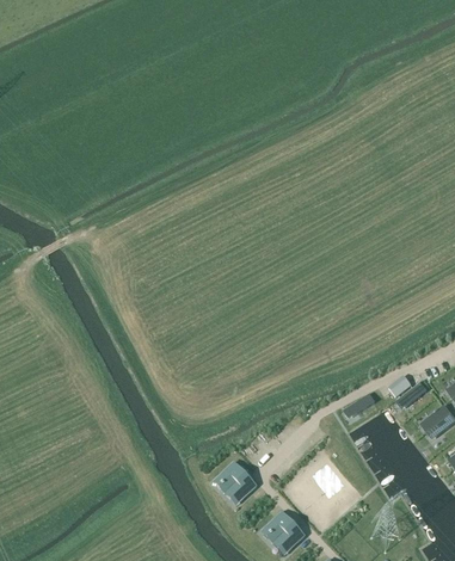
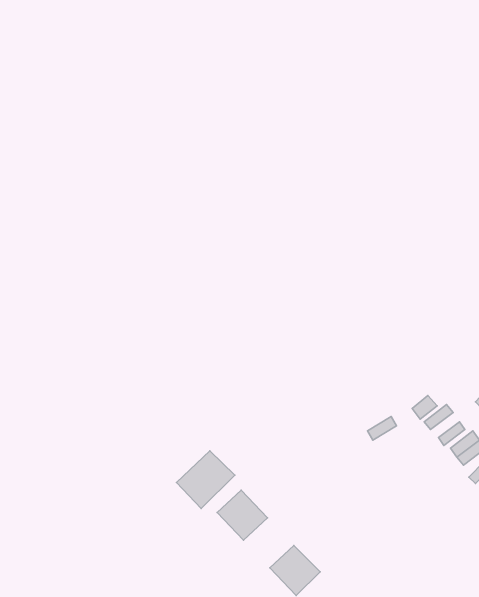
building: none -> [176,451,235,508]

